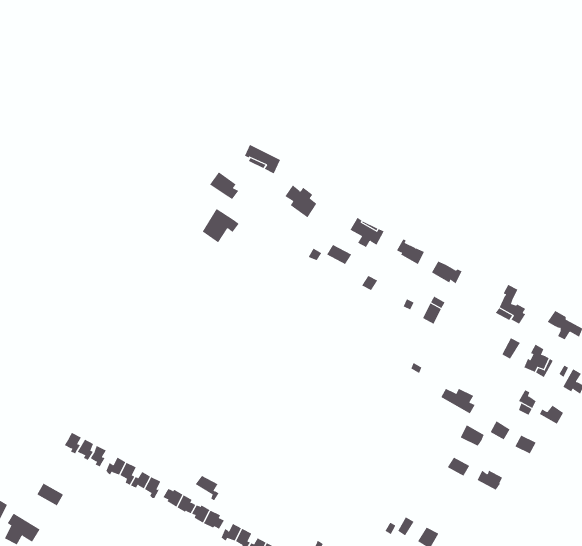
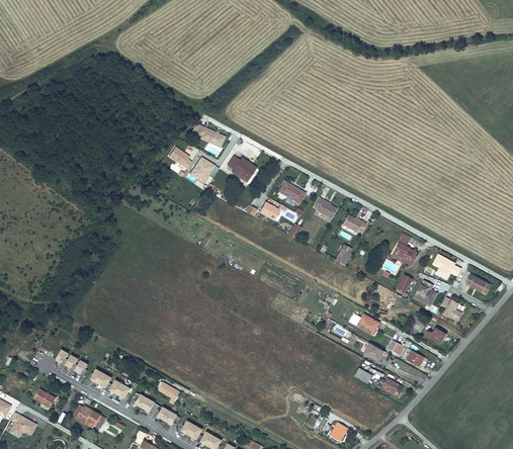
building: [202,208,239,243] -> [190,156,220,183]
building: none -> [74,405,106,428]

